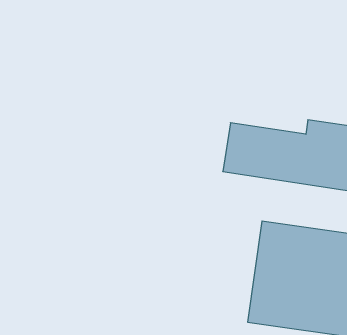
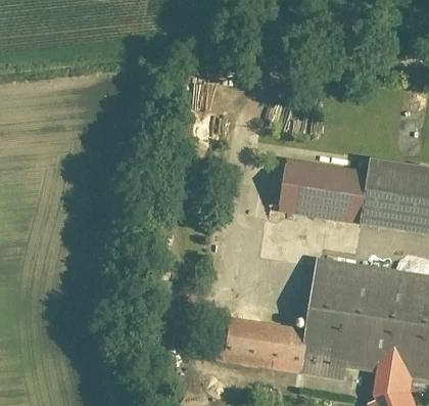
building: none -> [224,326,306,367]

